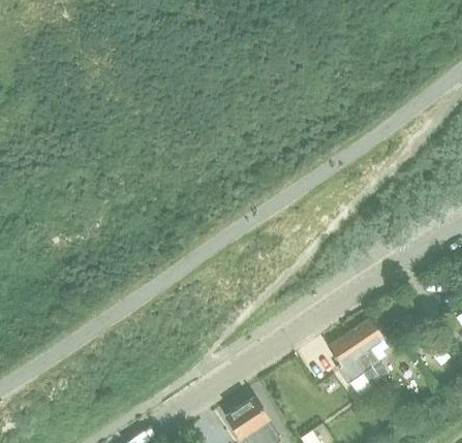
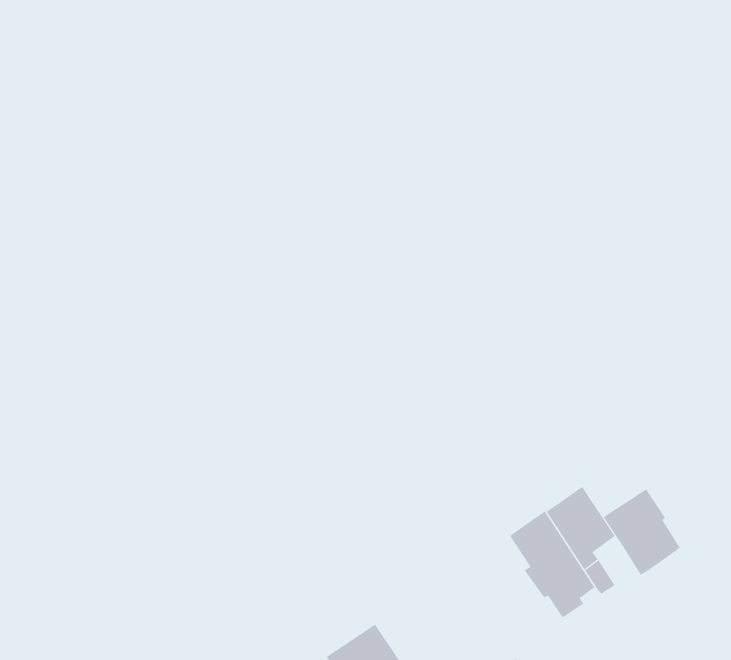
building: none -> [603,488,681,576]

